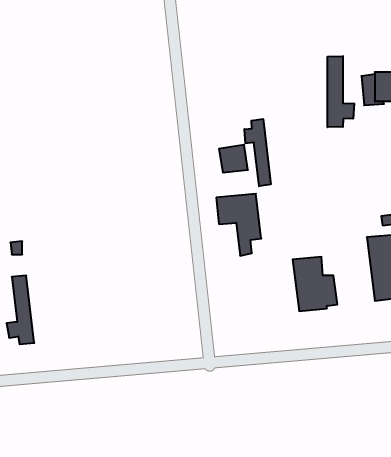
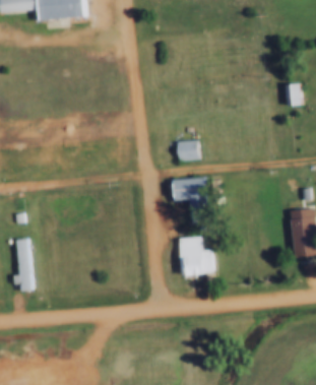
building: [328,56,354,127] -> none
building: [244,119,271,186] -> none
building: [293,257,337,311] -> [179,236,213,277]

